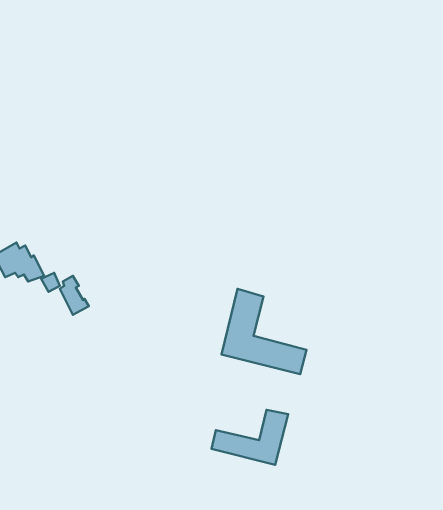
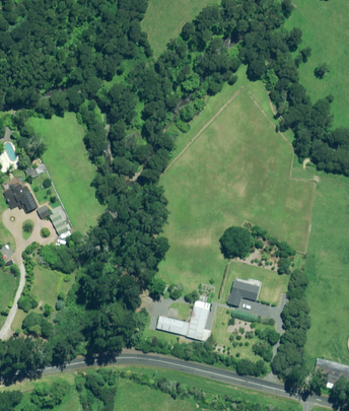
building: [221,289,307,374] -> none
building: none -> [228,279,260,306]

